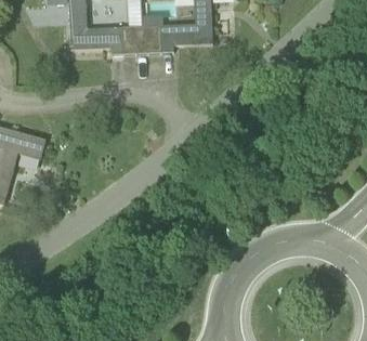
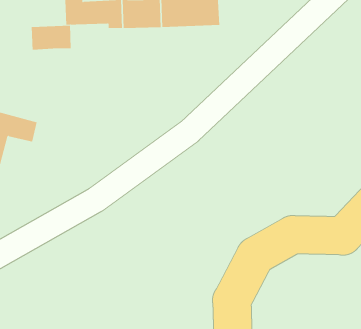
building: none -> [31,25,71,51]

